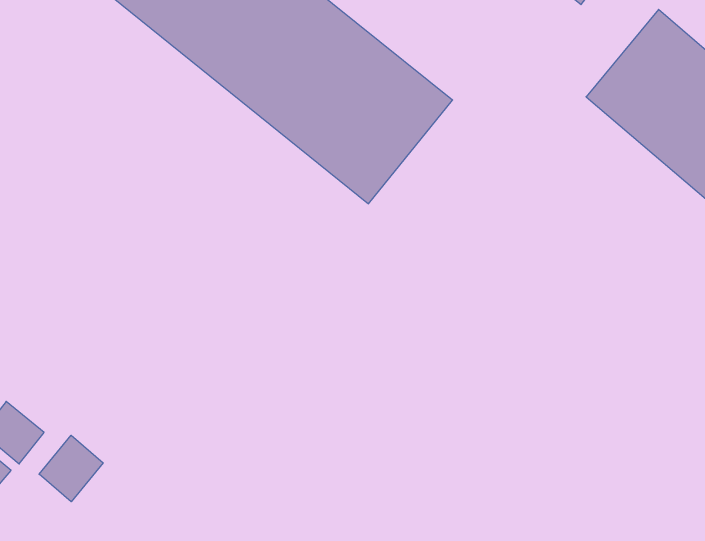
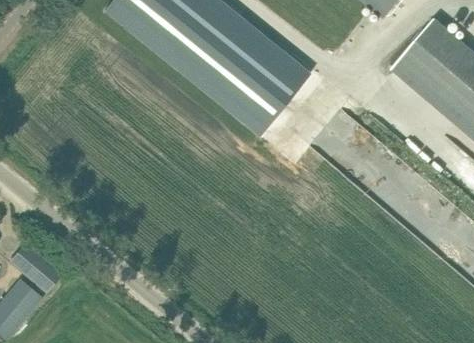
building: [39,435,103,502] -> none

